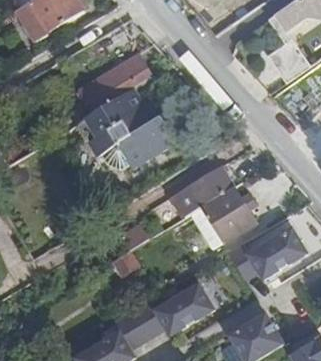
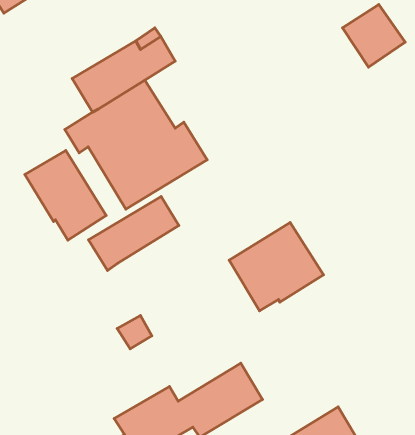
building: none -> [25,150,106,240]
building: [169,166,231,217] -> [89,196,179,270]
building: [227,227,305,279] -> none

